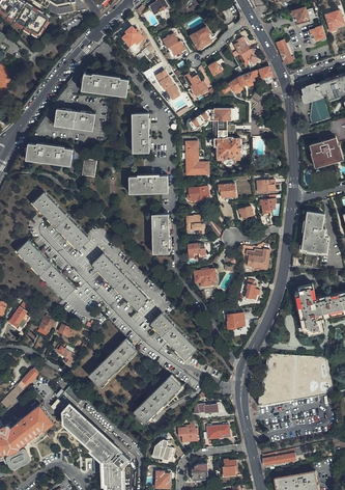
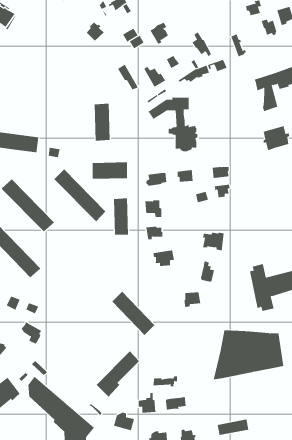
building: [82,74,128,97] -> none
building: [55,109,95,131] -> none
building: [185,141,209,174] -> none
building: [301,211,328,252] -> none
building: [92,253,148,310] -> [53,169,106,222]
building: [89,339,136,386] -> none

